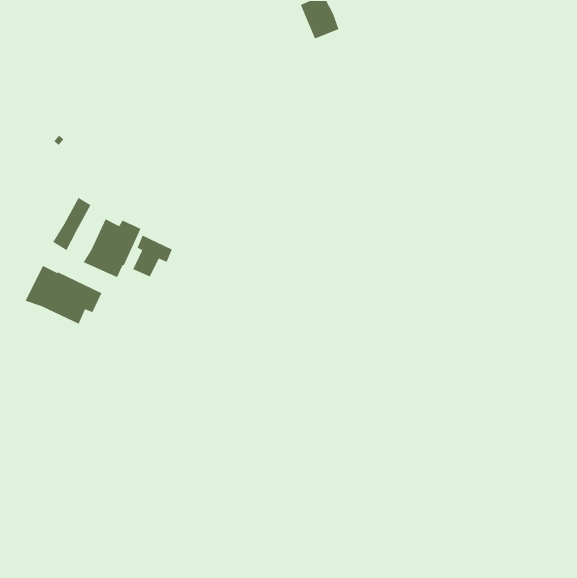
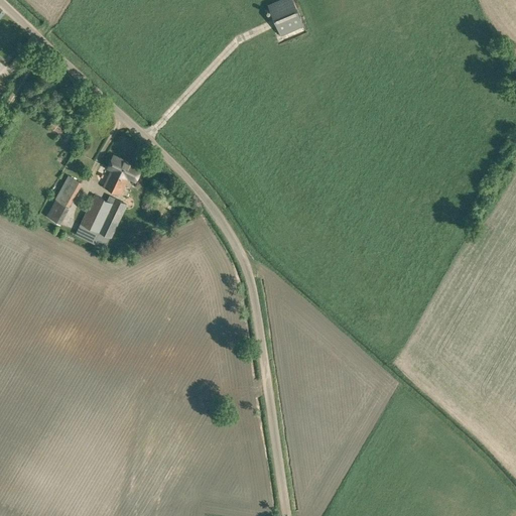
building: [132,235,173,277] -> [103,155,139,194]
building: [25,265,102,325] -> none

